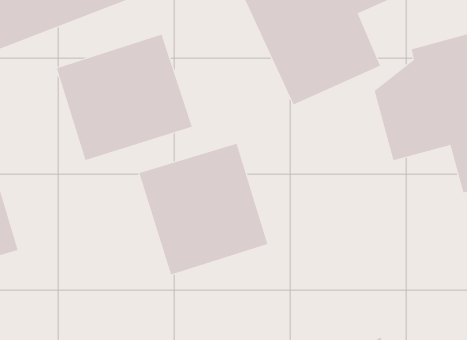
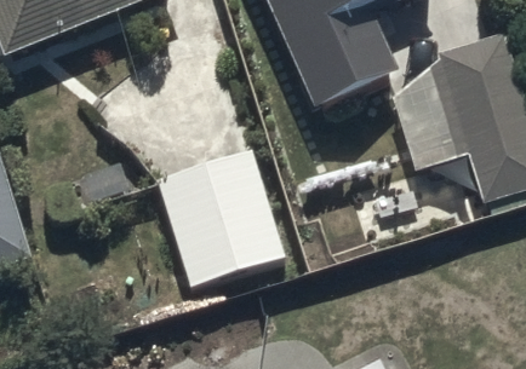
building: [56,34,192,161] -> none

